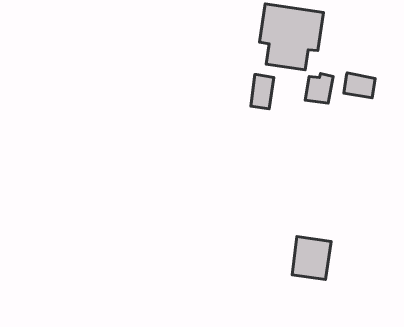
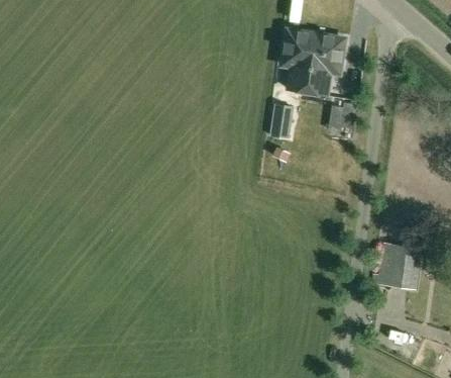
building: [344,73,375,98] -> none
building: [292,237,331,280] -> [379,243,421,288]

